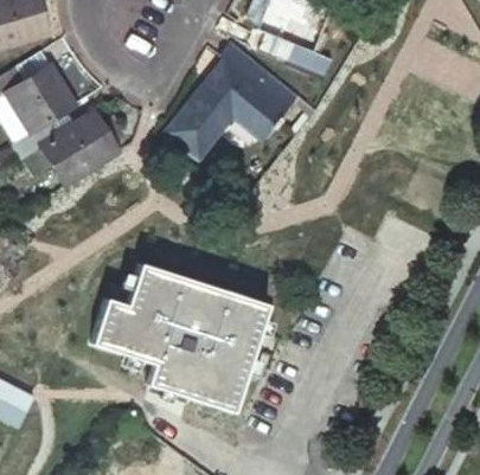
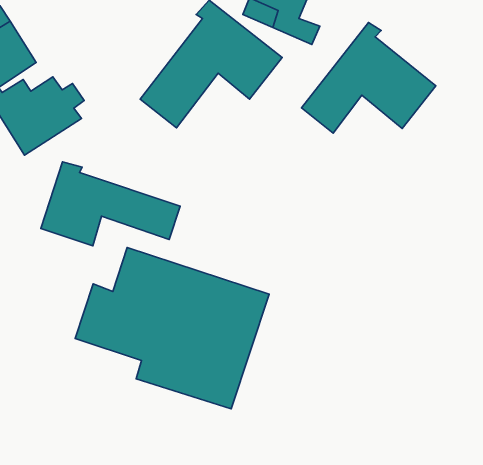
building: none -> [301,23,436,133]
building: none -> [41,162,180,246]

